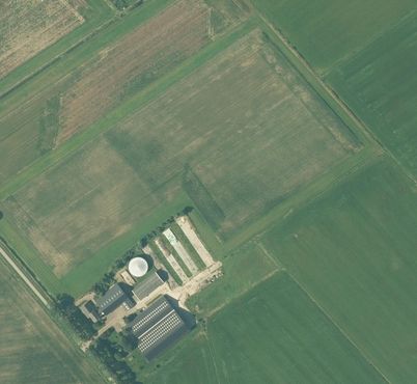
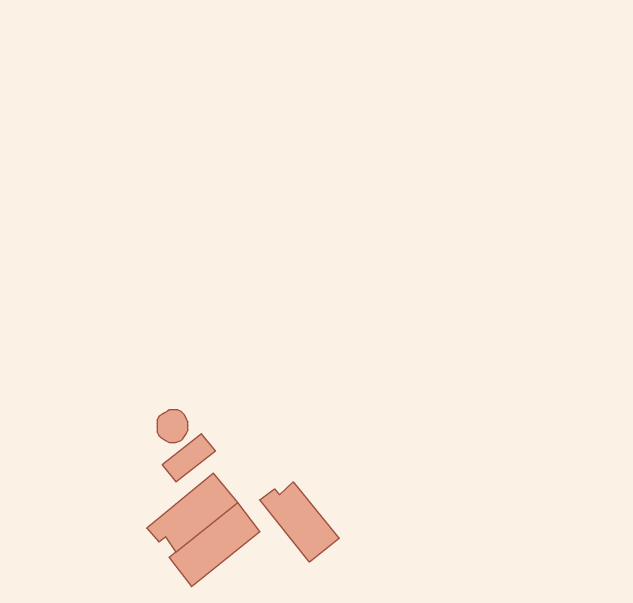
building: [80,283,134,321] -> none
building: none -> [260,482,339,562]

